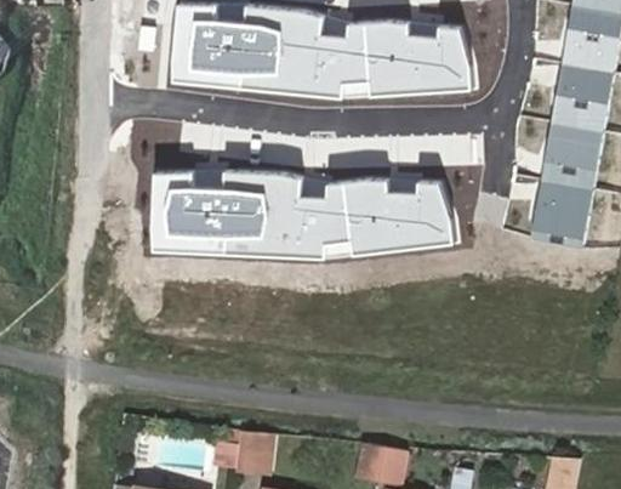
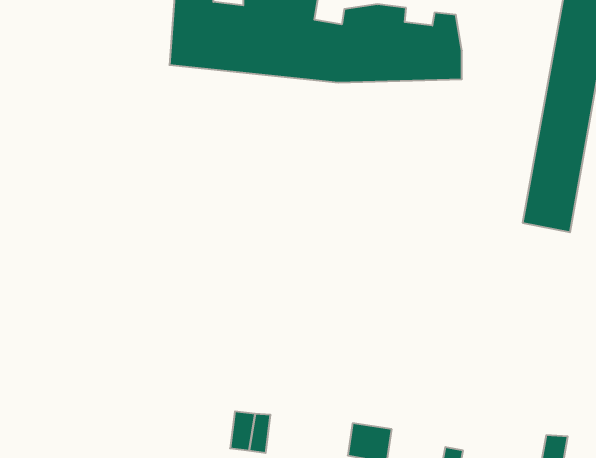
building: [155,170,454,258] -> none

